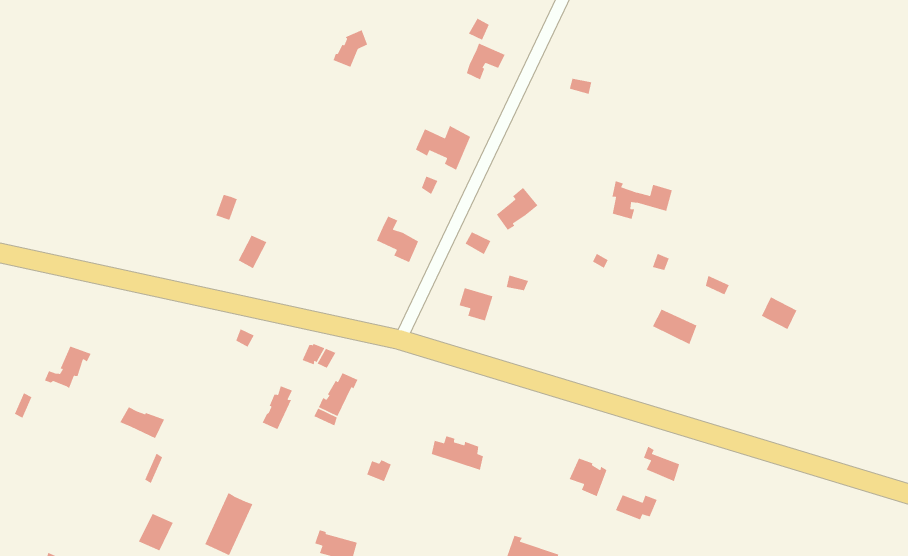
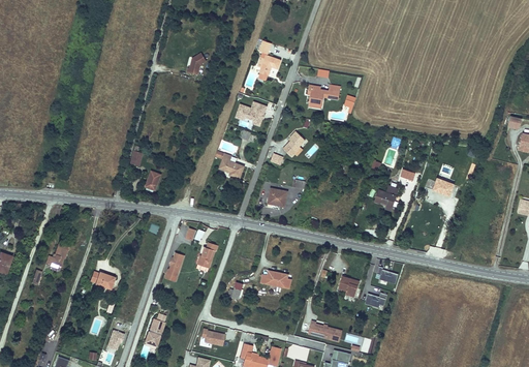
building: [612,180,673,220] -> [307,85,340,105]

